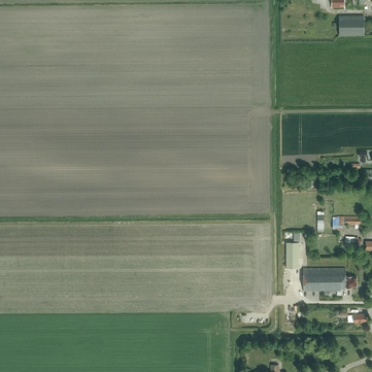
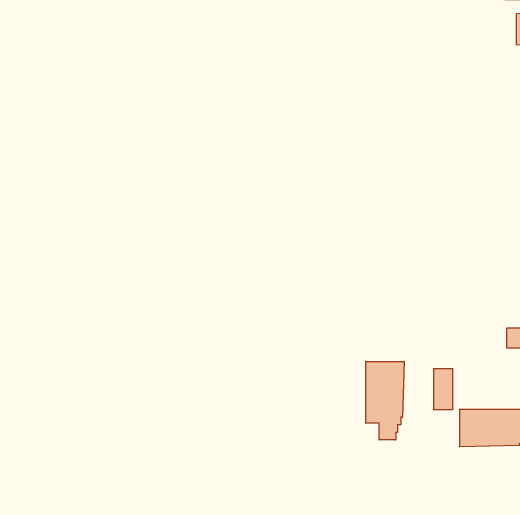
building: none -> [366,361,404,440]

